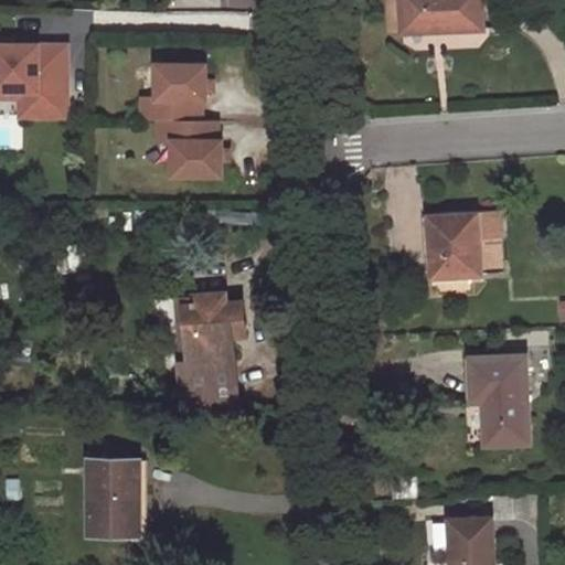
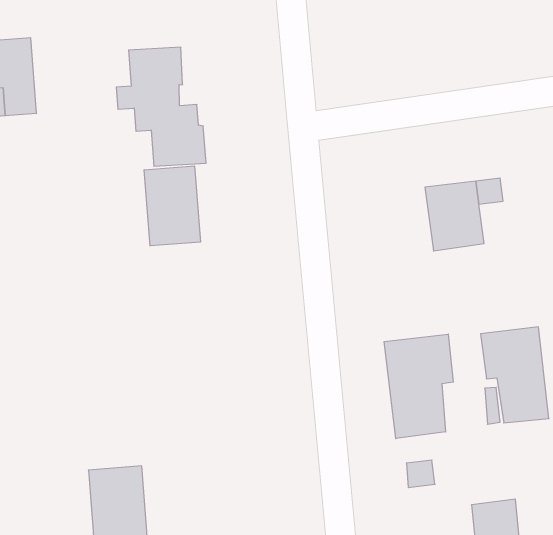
building: none -> [144,166,200,246]
building: [178,294,244,405] -> none
building: none -> [384,334,453,439]

